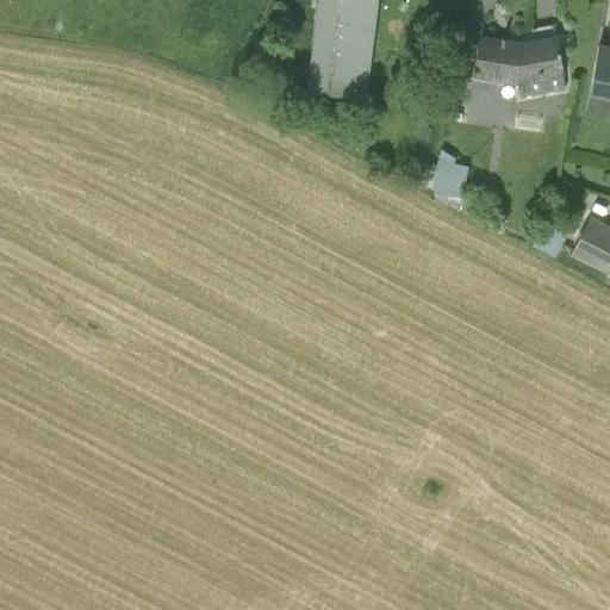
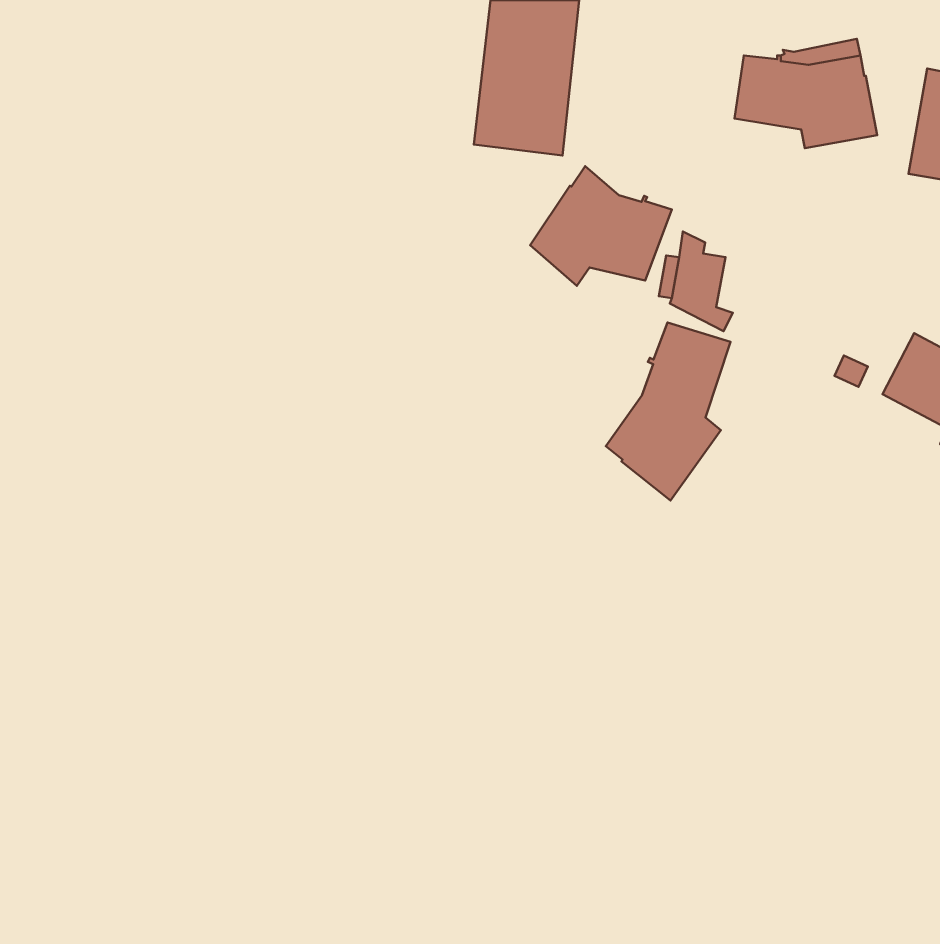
building: none -> [530,166,672,286]
building: none -> [606,323,731,501]

